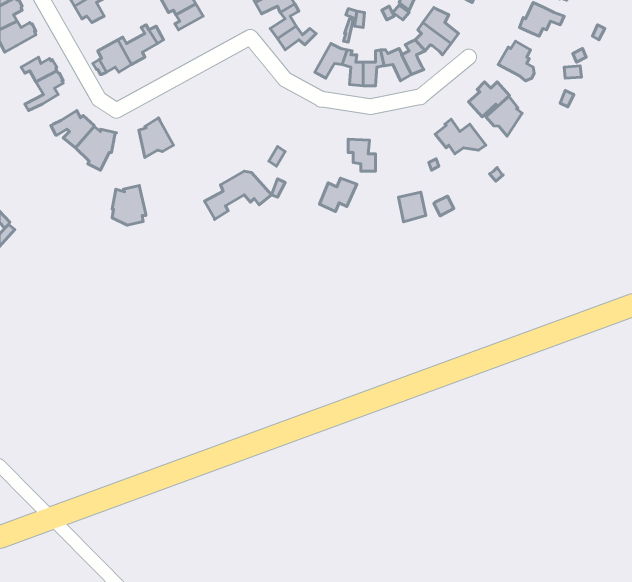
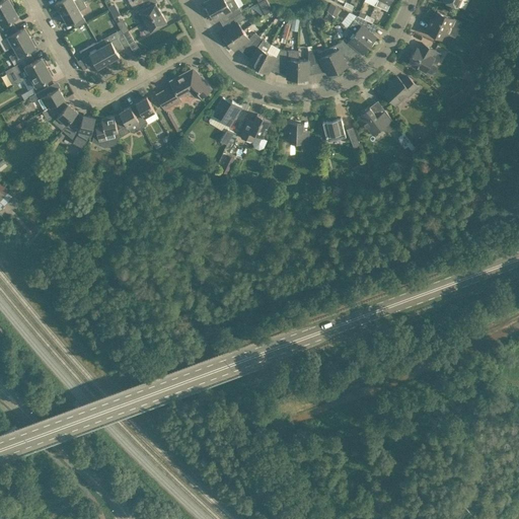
building: none -> [248,36,271,68]
building: none -> [8,38,35,66]
building: none -> [34,86,64,110]
building: [486,96,522,136] -> none
building: none -> [131,96,154,128]
building: none -> [212,97,241,126]
building: [204,171,271,220] -> [156,70,211,109]
building: [319,178,357,212] -> [239,115,270,142]
building: [112,186,146,225] -> [91,115,119,147]
building: [399,192,426,222] -> [322,118,345,142]

